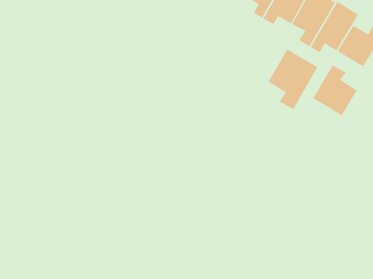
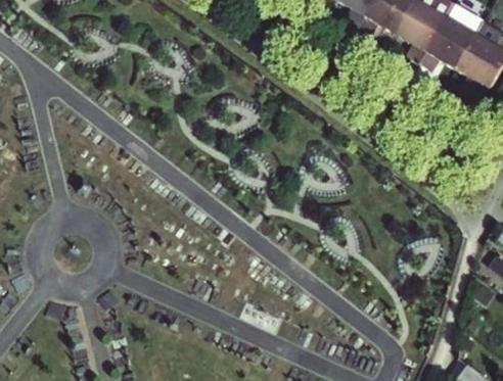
building: [268,49,318,110] -> none
building: [312,65,358,116] -> none

